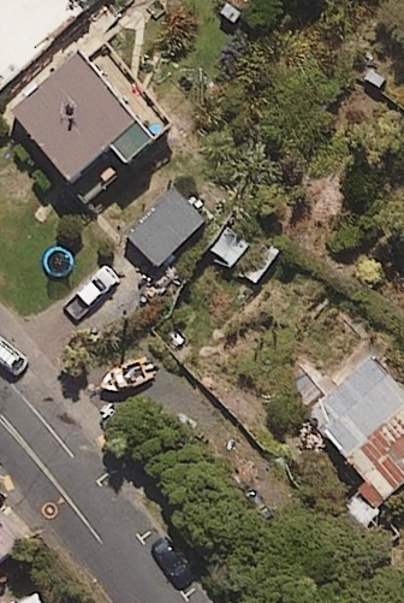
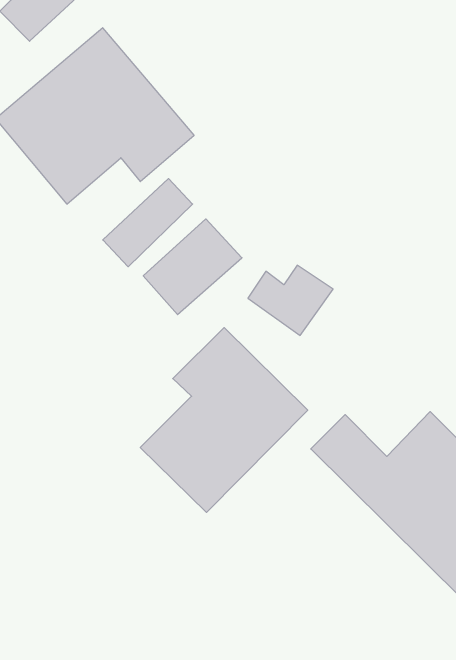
building: none -> [140,328,308,512]

